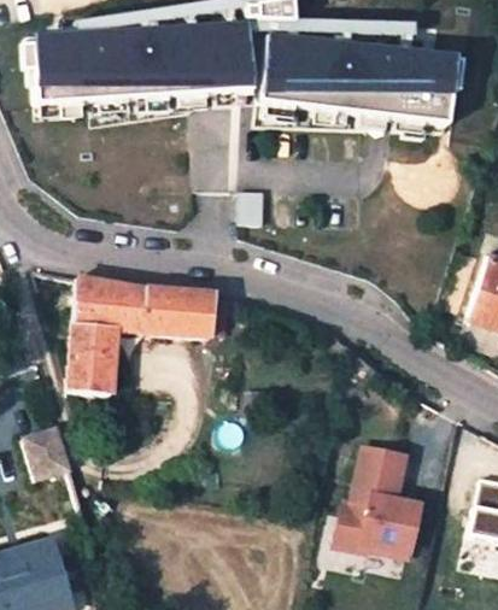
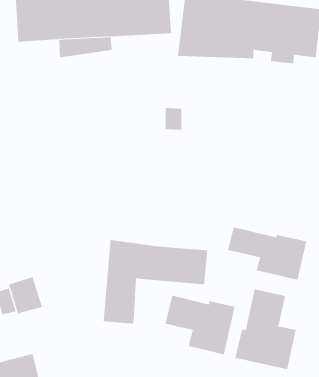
building: [71,272,217,389] -> [103,240,208,324]
building: none -> [228,226,307,281]
building: none -> [165,295,235,355]

